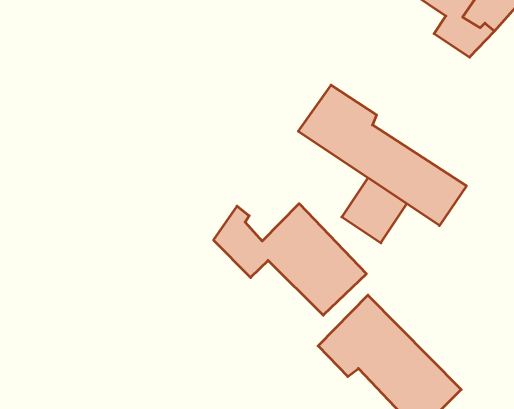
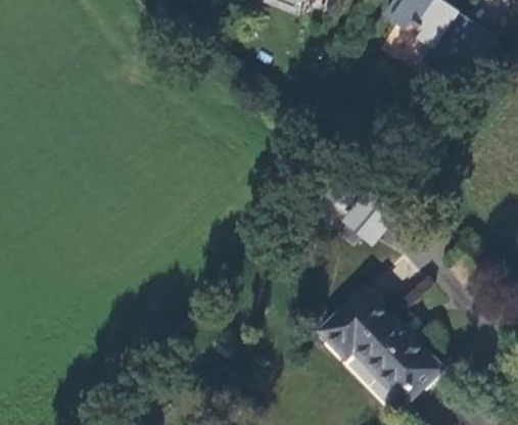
building: [298,85,466,226] -> none
building: [214,204,366,315] -> none

